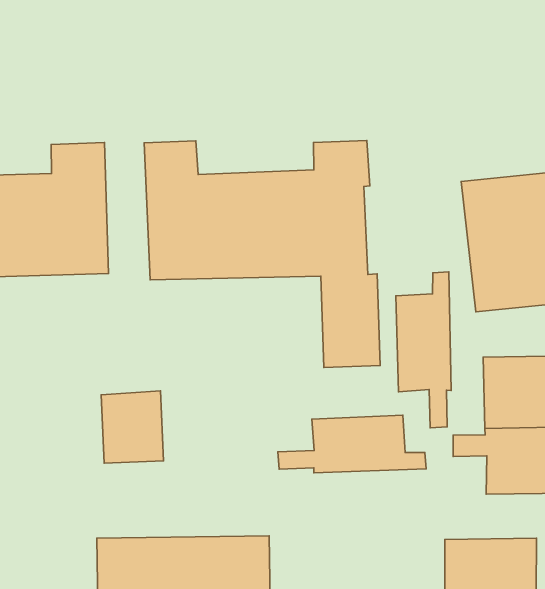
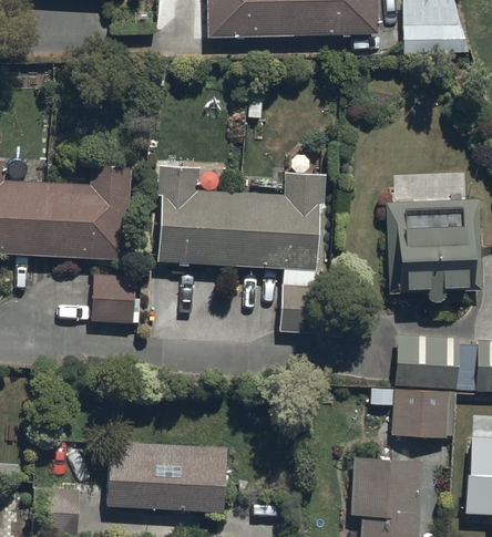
building: [396,272,451,428] -> none
building: [101,391,163,463] -> [90,270,134,321]
building: [278,415,426,473] -> none

